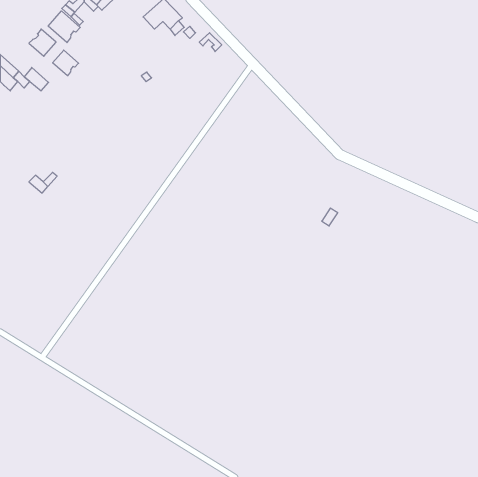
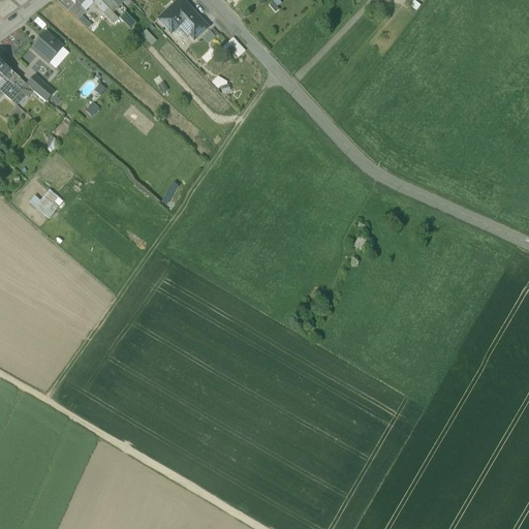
building: [48,11,80,43] -> none
building: [53,50,79,76] -> none

